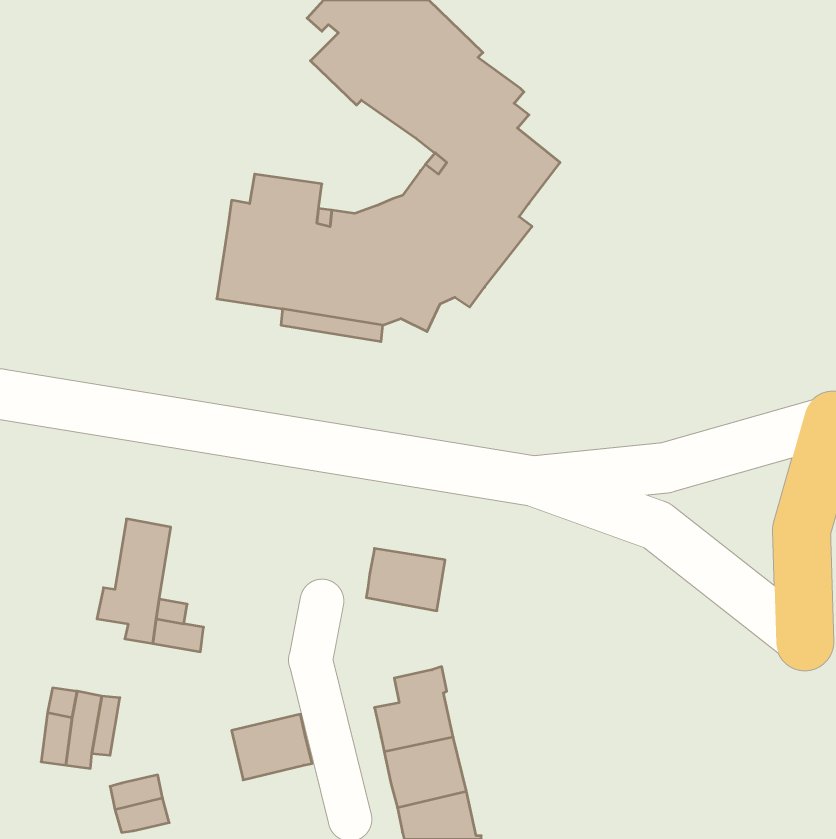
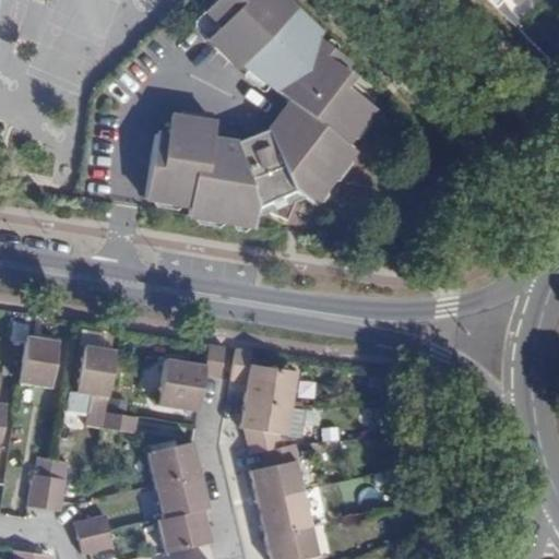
building: none -> [22,336,59,388]
building: none -> [159,344,226,412]
building: none -> [241,397,308,454]
building: none -> [148,442,202,486]
building: none -> [158,509,212,552]

